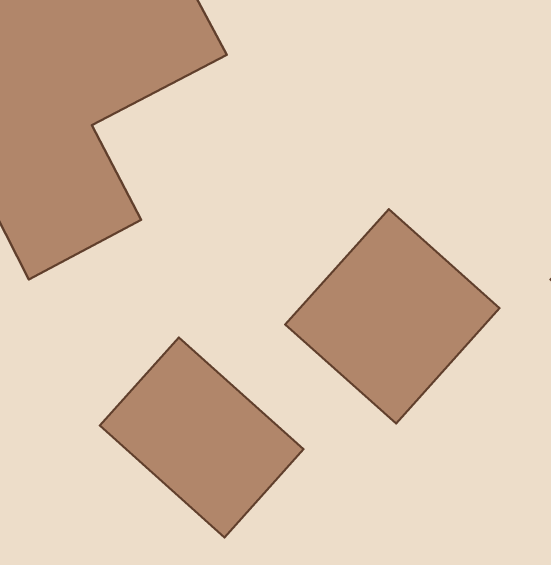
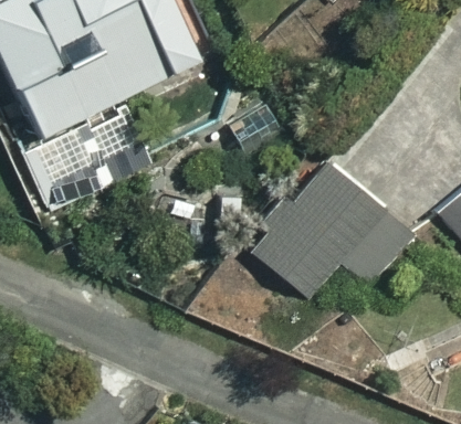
building: [100,337,303,537] -> none

